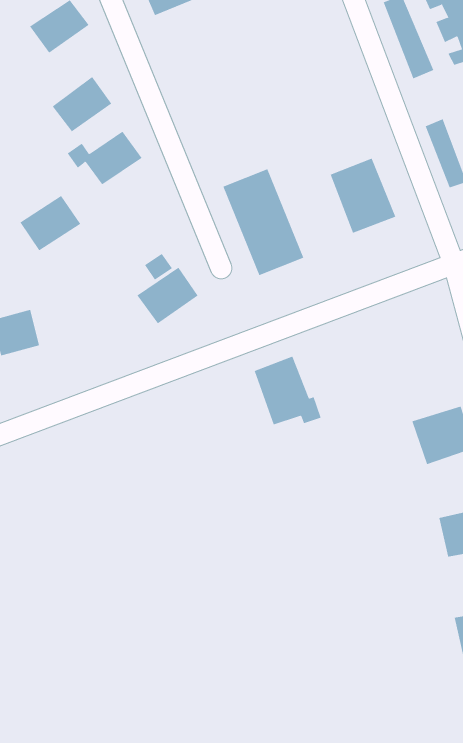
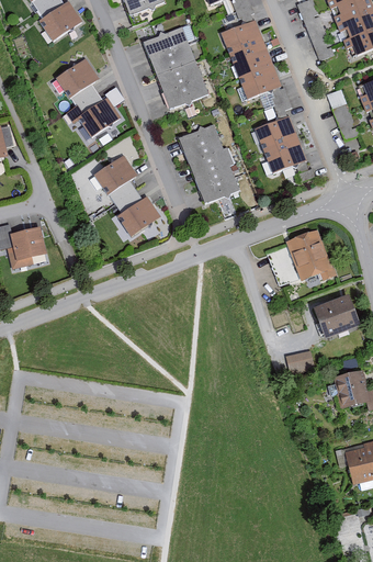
building: none -> [222,21,282,98]
building: none -> [144,27,208,109]
building: [19,195,81,251] -> [93,155,138,195]
building: [254,356,322,425] -> [287,231,337,281]
building: none -> [285,350,313,374]

